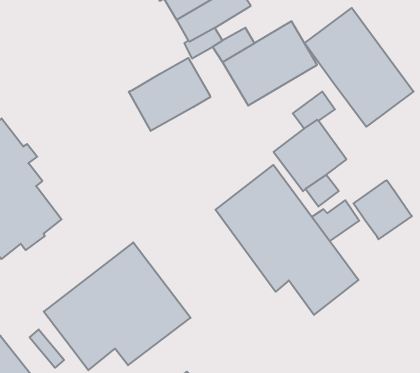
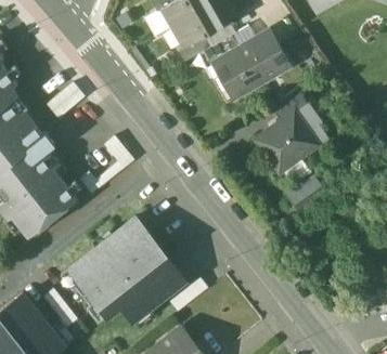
building: [304,8,414,127] -> none
building: [129,58,210,131] -> none
building: [215,165,359,315] -> none
building: [353,180,412,239] -> none

